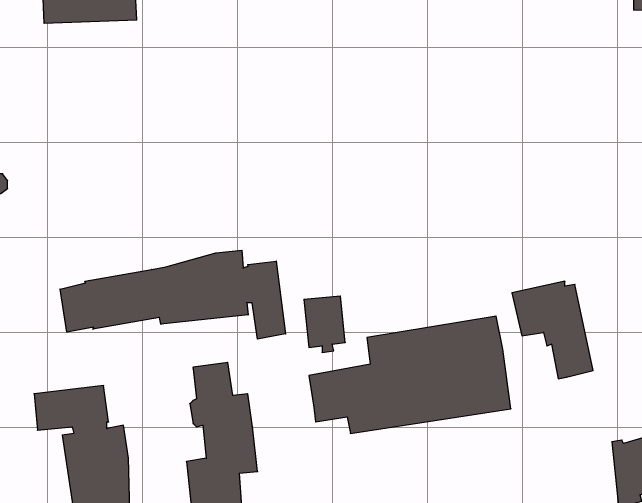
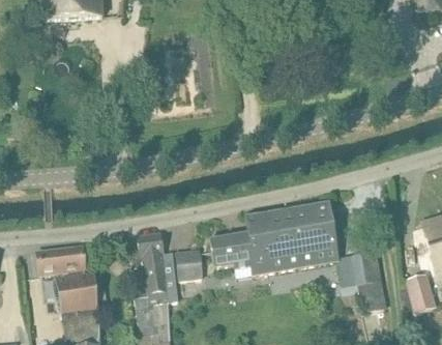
building: [60,250,286,339] -> none
building: [512,281,593,379] -> [336,251,387,312]
building: [304,296,345,352] -> [176,248,202,283]

